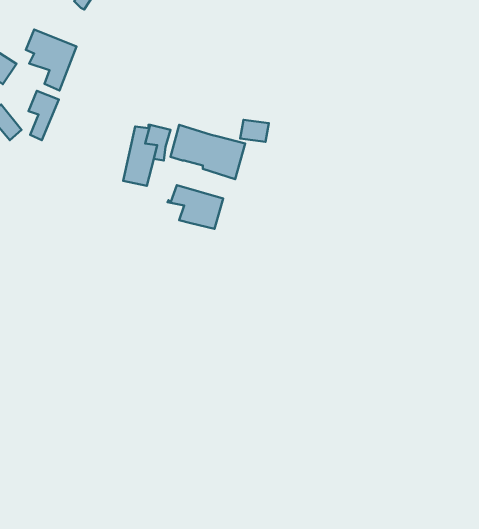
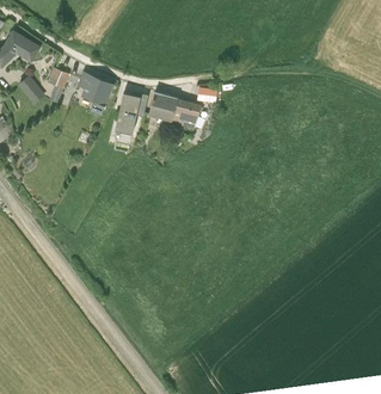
building: [26,30,77,91] -> [78,70,113,113]
building: [168,185,223,229] -> none

